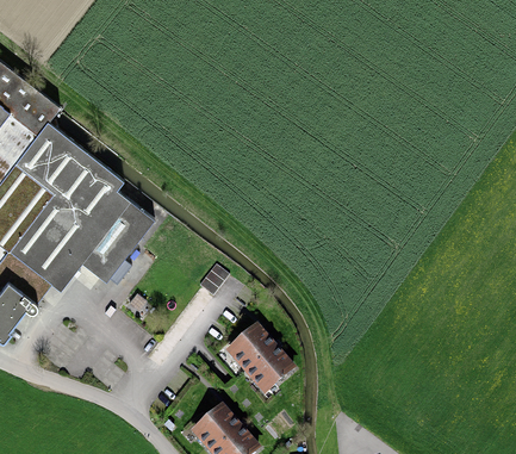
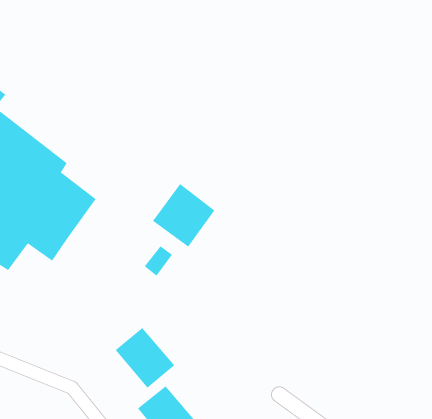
building: none -> [152,183,215,248]
building: [226,326,288,390] -> [115,327,175,388]

